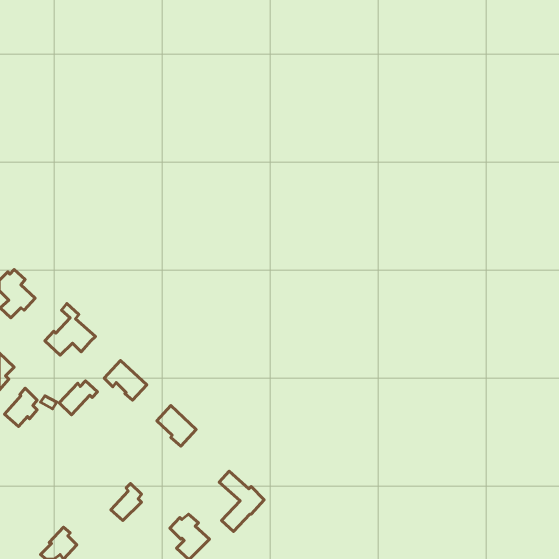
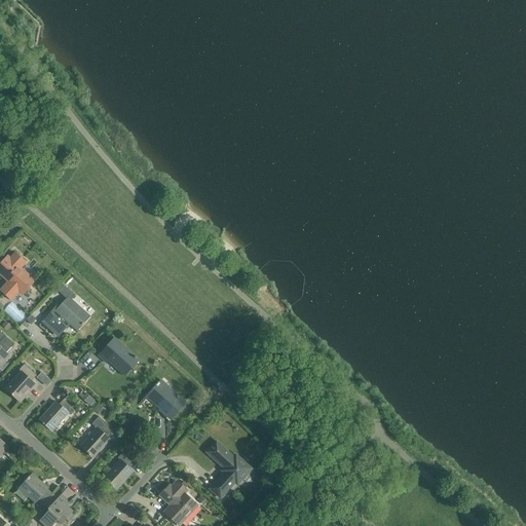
building: [59,381,98,415] -> [39,399,75,430]
building: none -> [80,416,112,456]
building: none -> [14,474,51,510]

